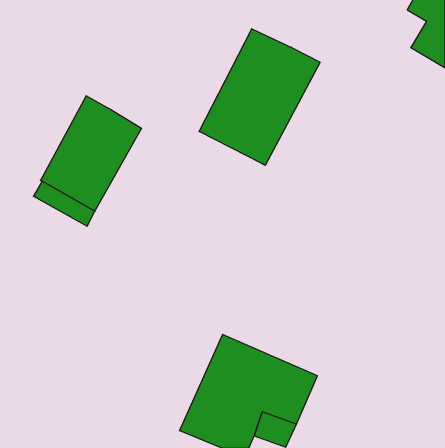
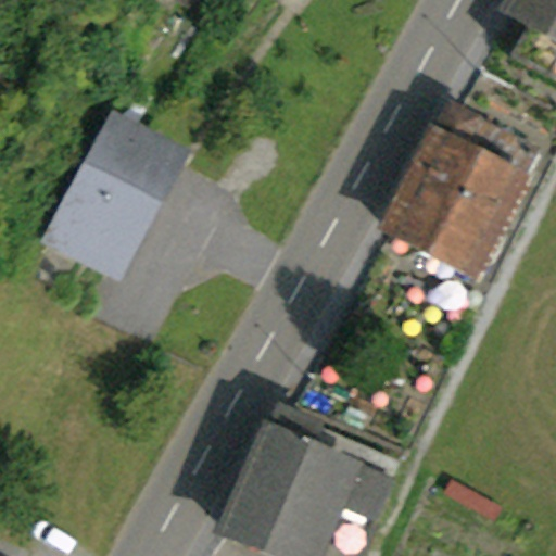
building: [199,29,320,165] -> none
building: none -> [382,108,533,276]

